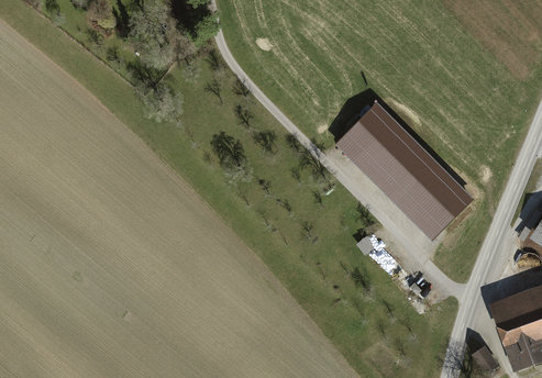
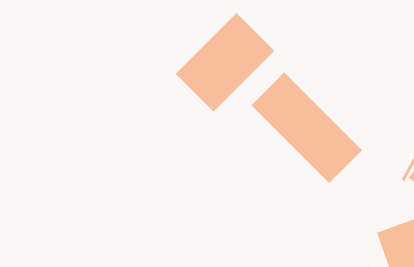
building: none -> [175,12,275,113]

